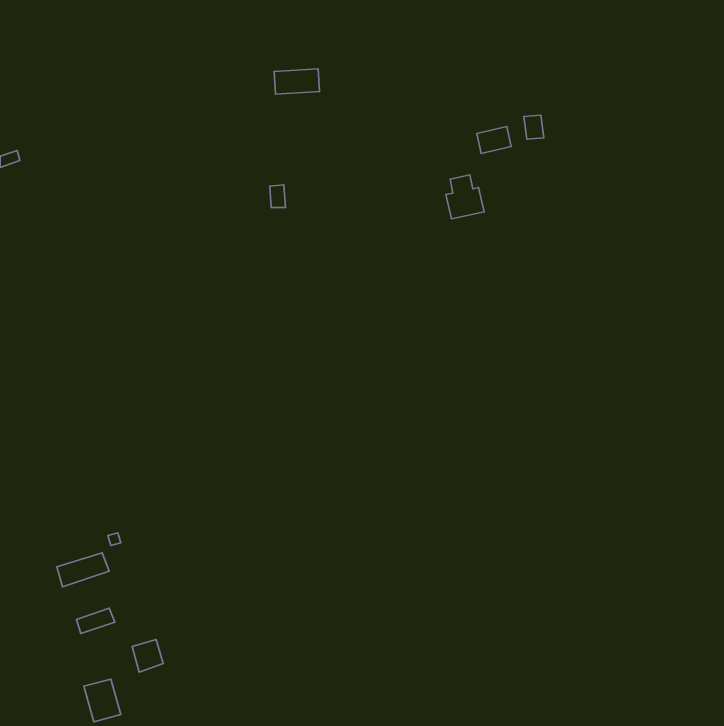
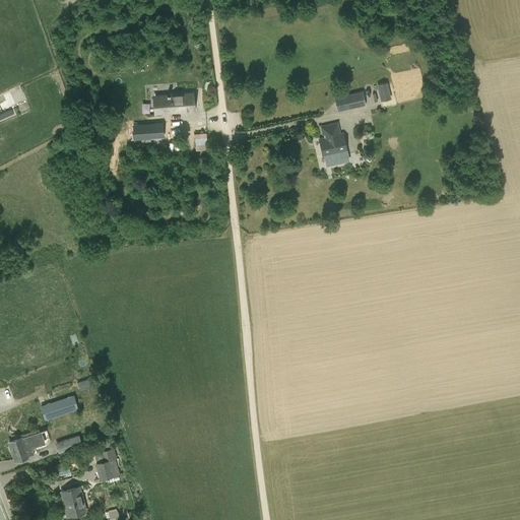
building: [274,69,320,94] -> [161,93,194,112]
building: none -> [135,122,165,138]
building: none -> [9,435,36,461]

